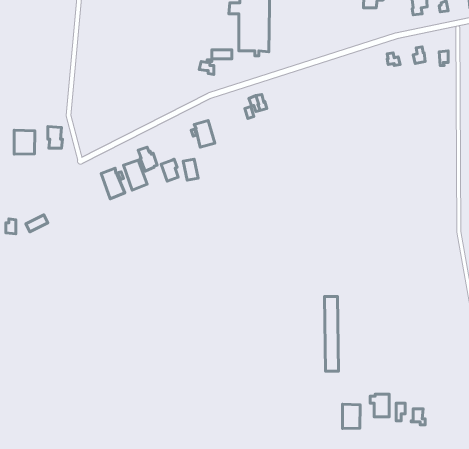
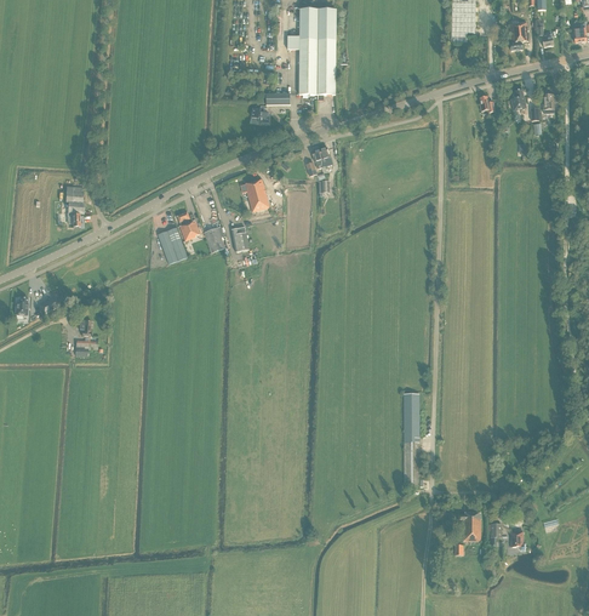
building: [14,130,35,154] -> none
building: [101,168,125,199] -> none
building: [342,404,360,428] -> none

